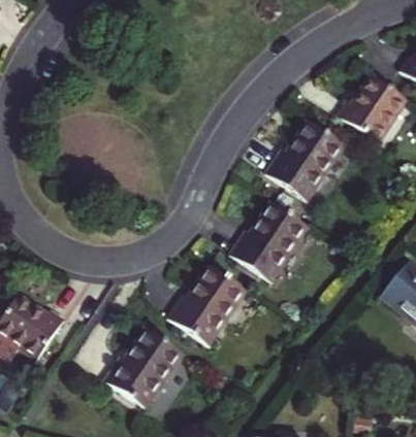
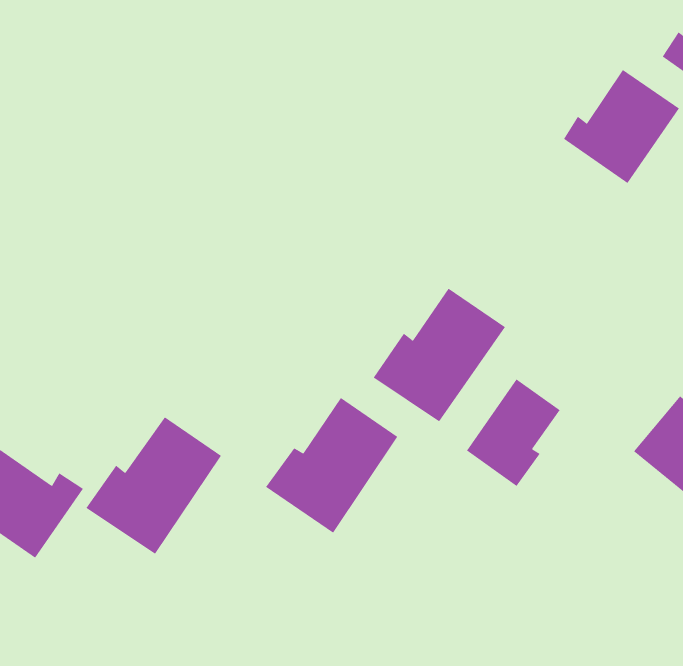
building: [268,120,346,199] -> none
building: none -> [466,379,561,487]
building: [105,326,184,405] -> [85,416,222,555]

